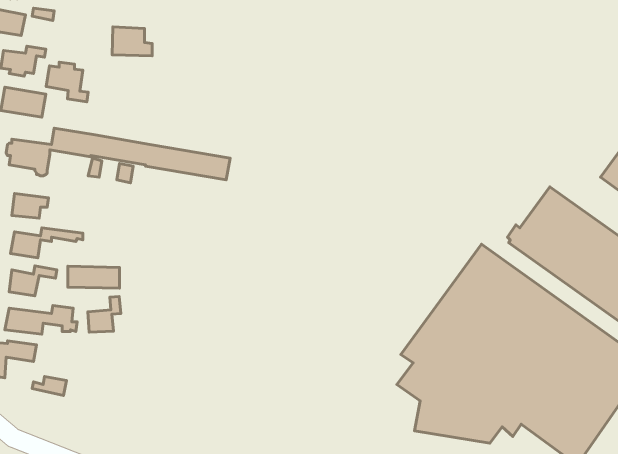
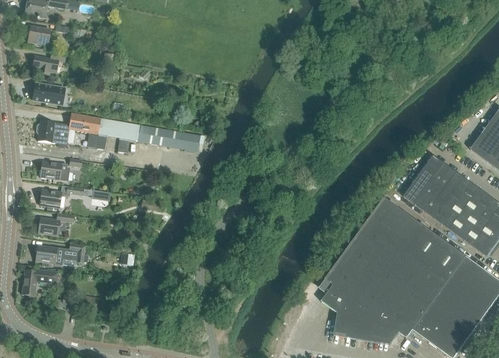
building: [112,27,152,56] -> none
building: [46,62,88,102] -> none
building: [68,266,120,288] -> none
building: [88,296,121,332] -> none

